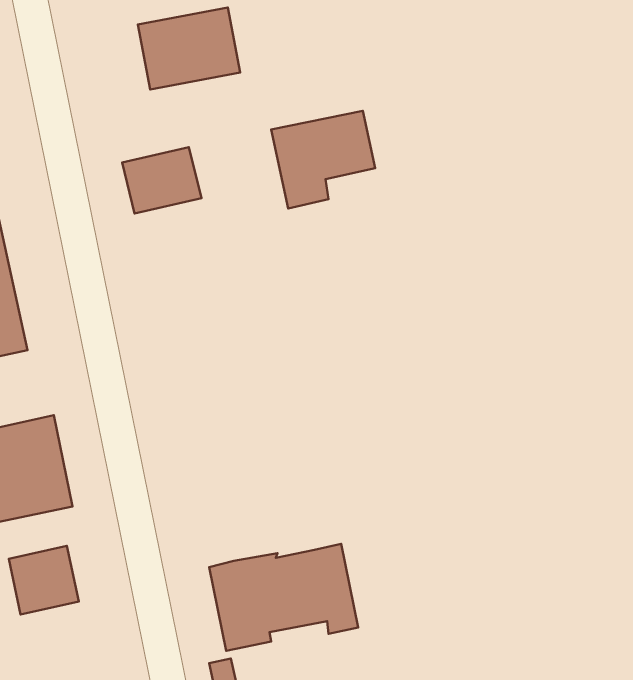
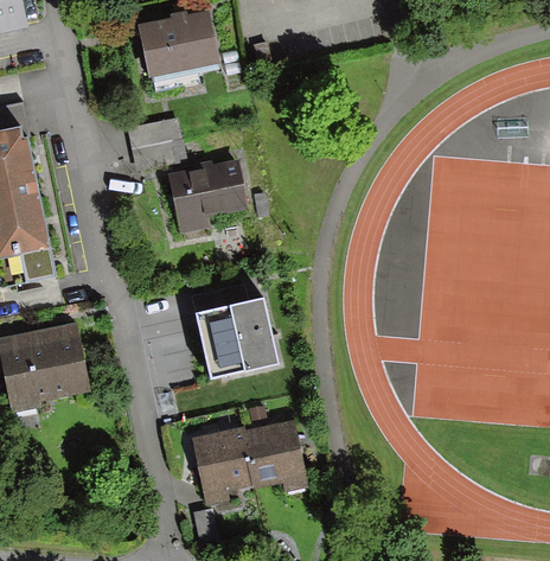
building: [271,111,375,209] -> [167,161,247,236]
building: none -> [196,293,279,376]
building: [9,546,79,614] -> none

